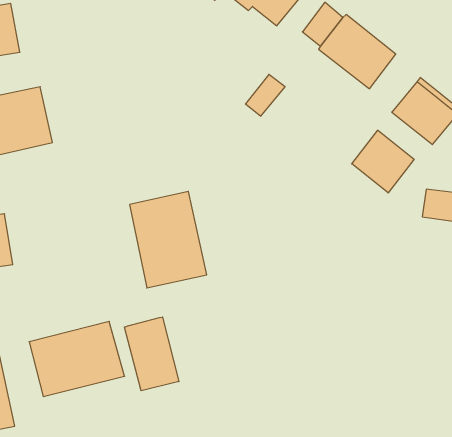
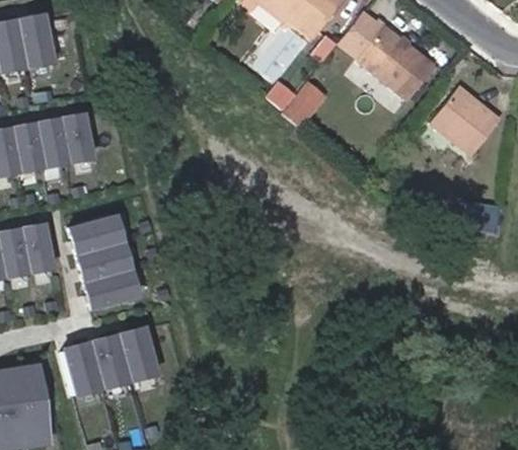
building: none -> [258,28,307,83]
building: [352,130,414,193] -> none
building: [130,191,207,288] -> [68,207,145,303]
building: [124,317,179,391] -> none

